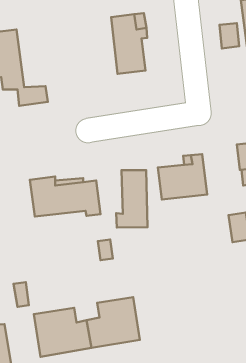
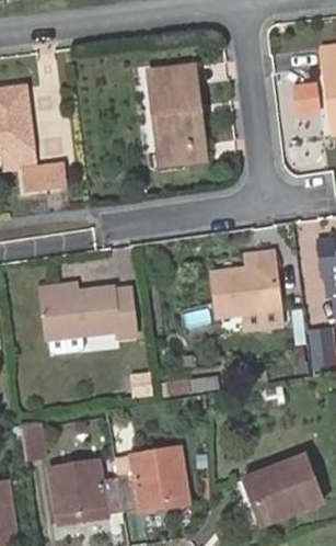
building: none -> [159,99,206,164]
building: [116,170,147,228] -> none
building: none -> [243,456,323,526]

